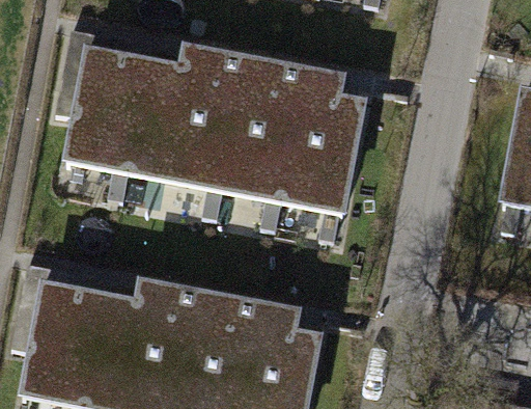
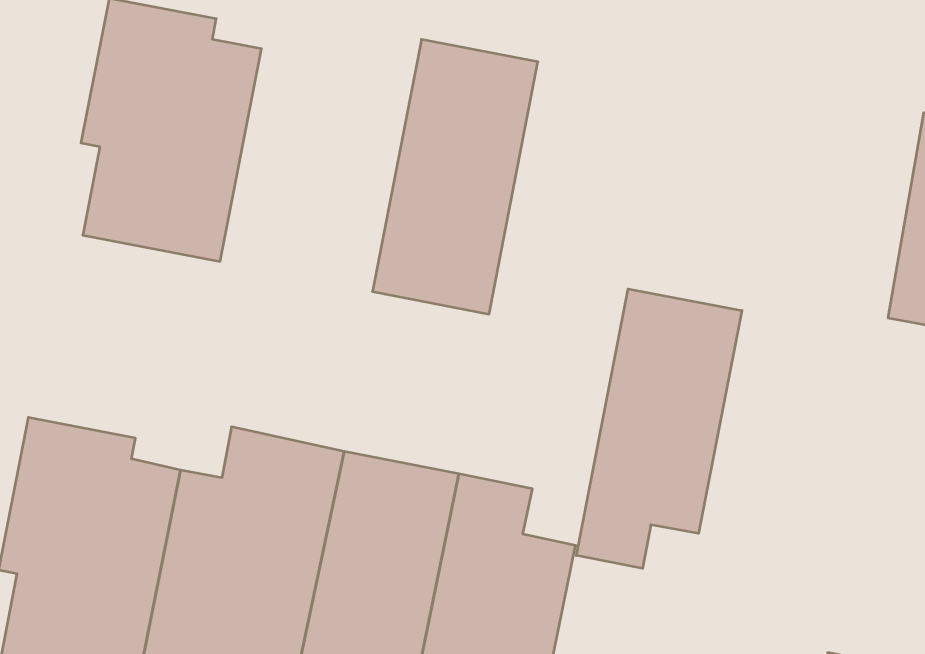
building: [136,39,247,191] -> none
building: [284,64,375,216] -> none
building: none -> [576,289,742,568]

